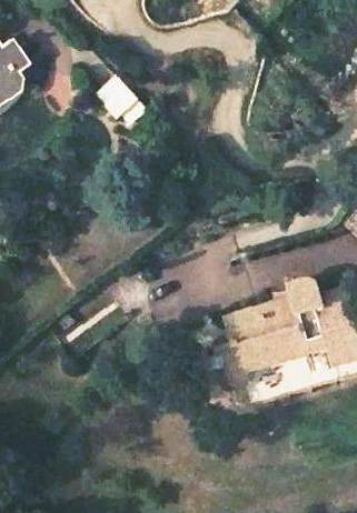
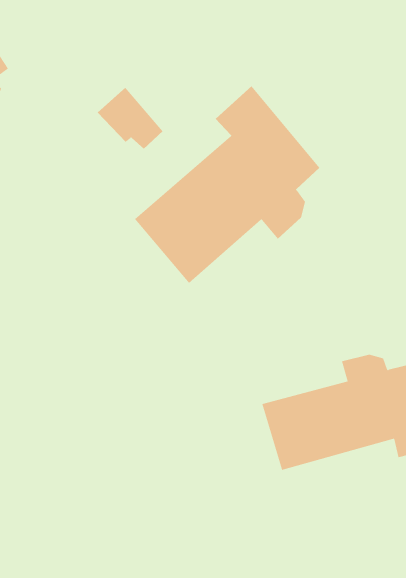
building: none -> [134,85,320,284]

